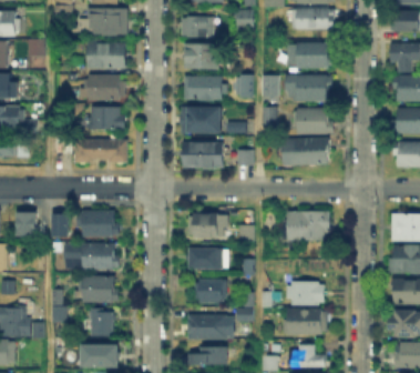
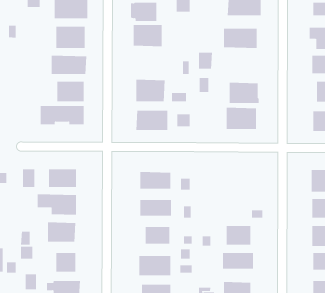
building: [287,75,330,101] -> none
building: [183,77,223,99] -> none
building: [281,211,328,242] -> none

